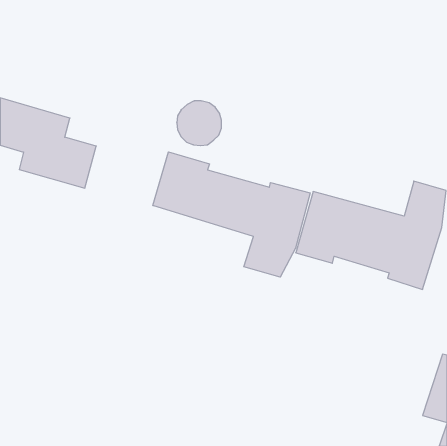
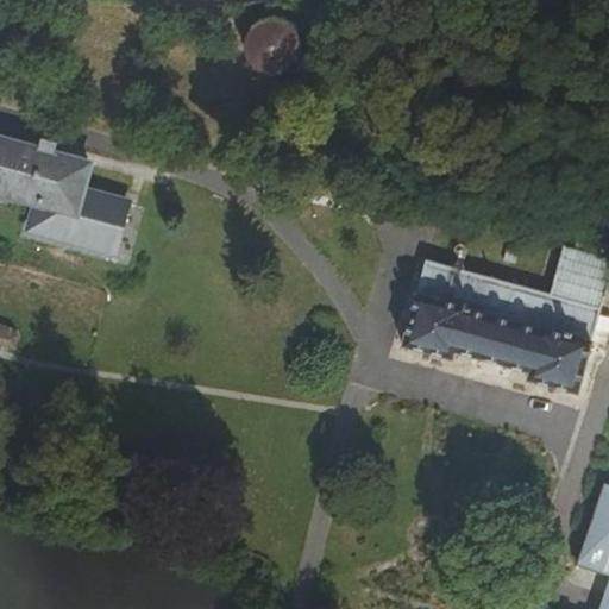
building: [177,101,221,146] -> [240,21,301,82]
building: [153,152,310,277] -> none

